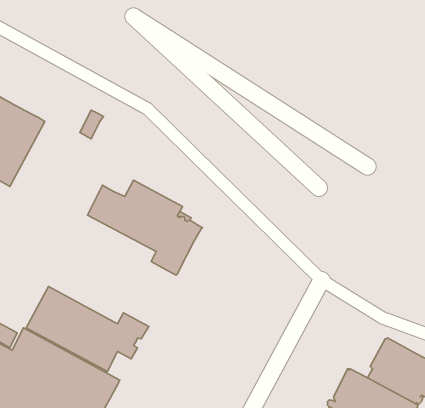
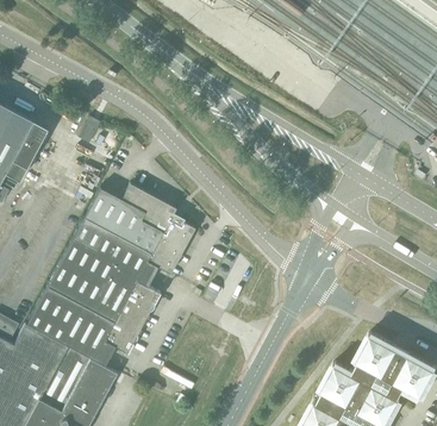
building: none -> [48,218,158,324]

